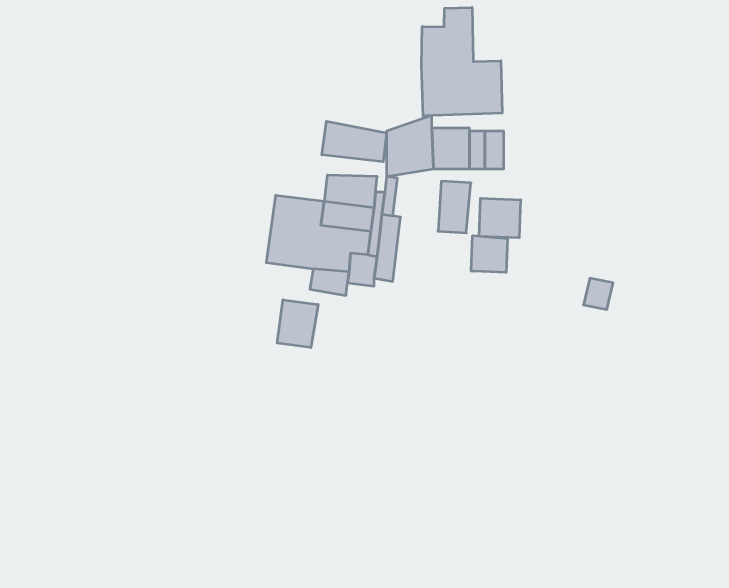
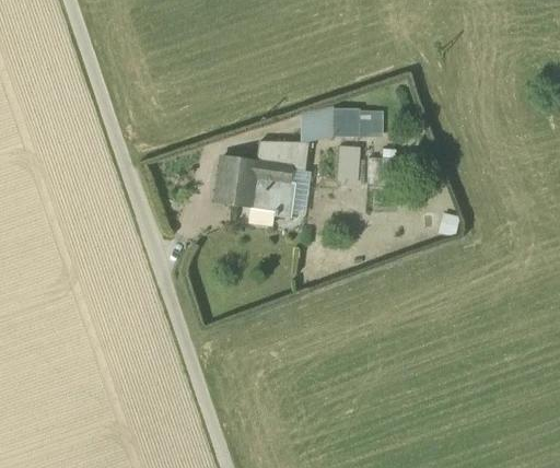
building: [422,7,502,116] -> none
building: [322,121,387,162] -> none
building: [471,236,507,272] -> none
building: [277,300,318,348] -> none

